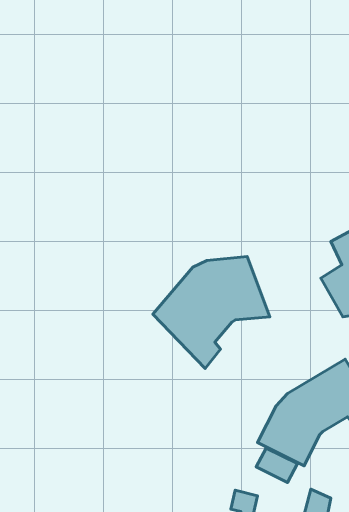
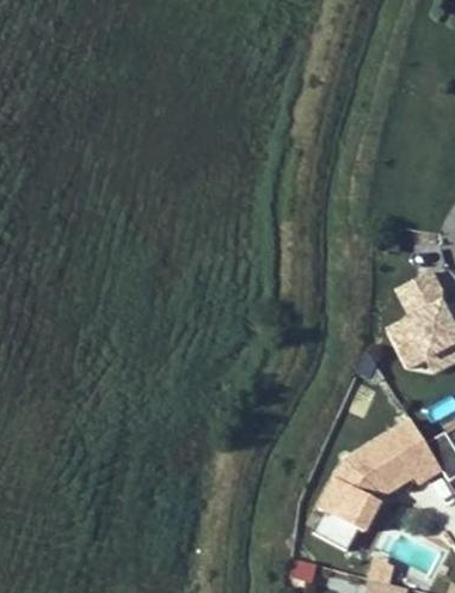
building: [153,256,270,368] -> none

